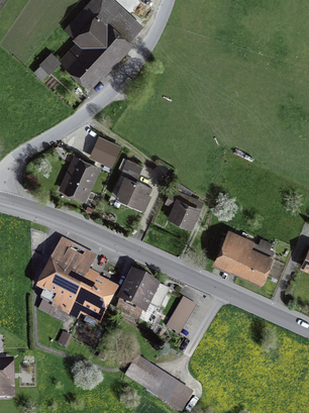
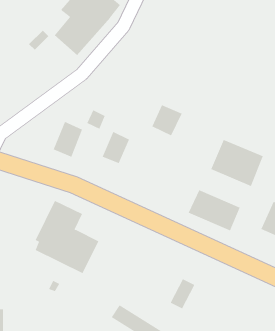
building: none -> [210,139,264,187]
building: [166,191,200,226] -> [152,105,182,136]
building: [117,275,162,320] -> none
building: [165,299,193,333] -> [170,278,195,309]

